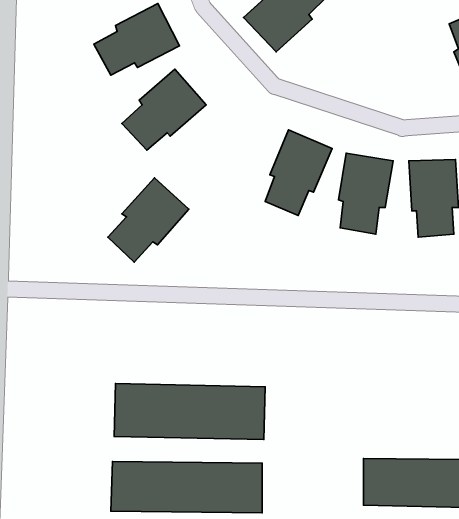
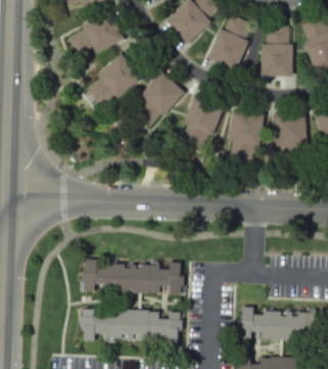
building: none -> [207,13,253,70]
building: none -> [262,26,293,76]
building: [108,178,189,262] -> [132,72,185,127]

